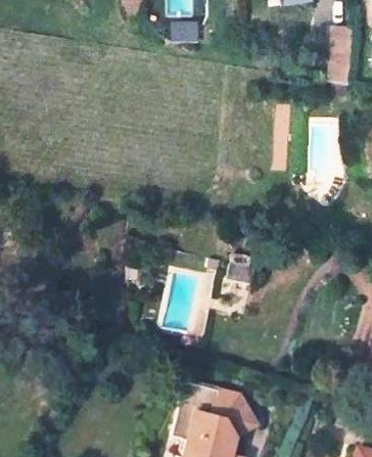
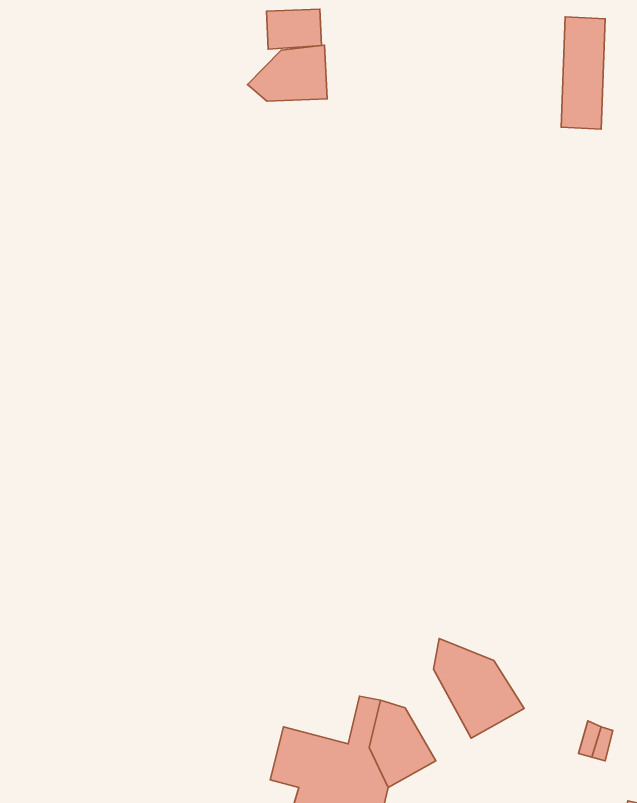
building: none -> [247,45,327,101]
building: none -> [433,639,524,738]

